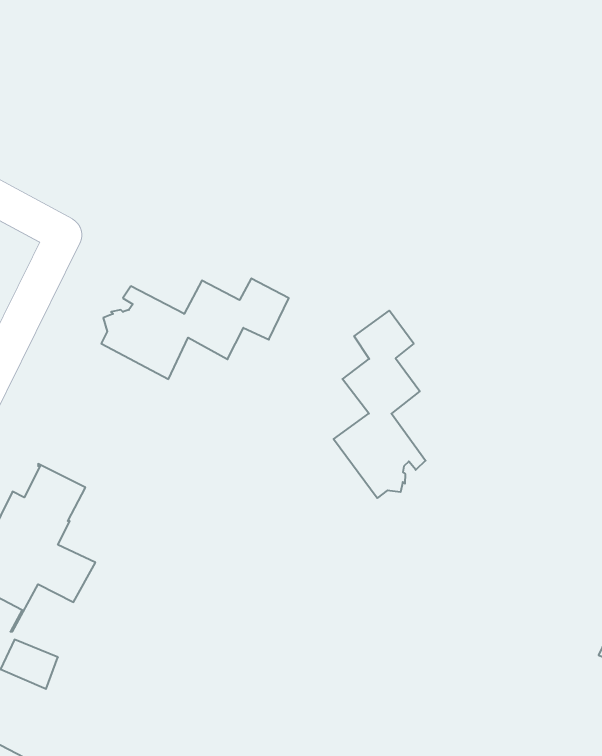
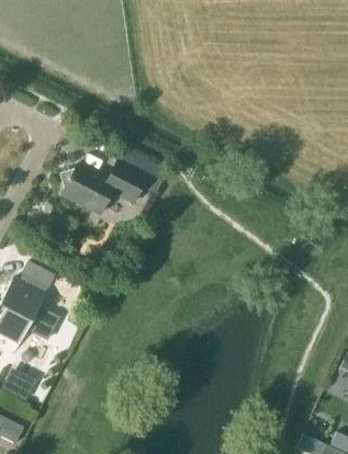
building: [334,311,426,498] -> none

